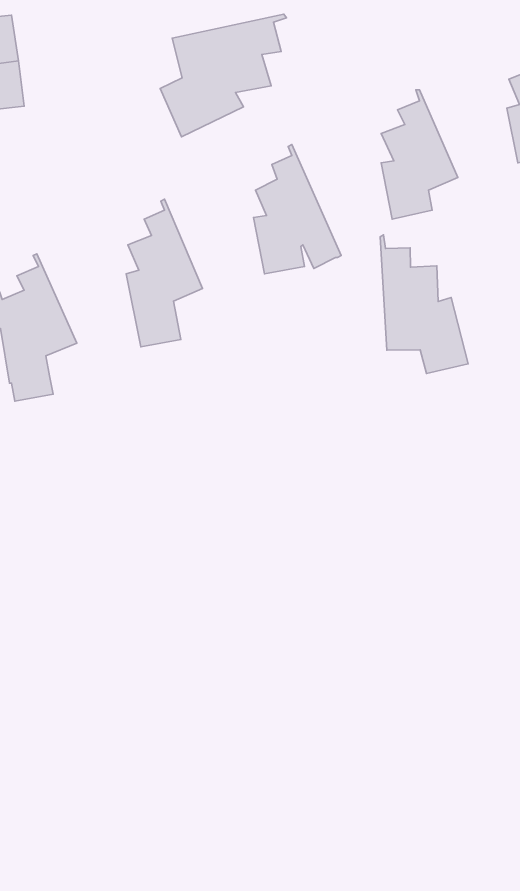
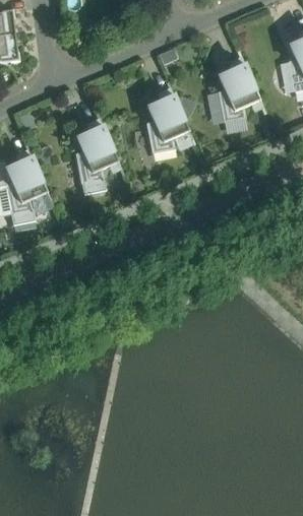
building: [160,14,287,137] -> none
building: [380,235,468,373] -> none

